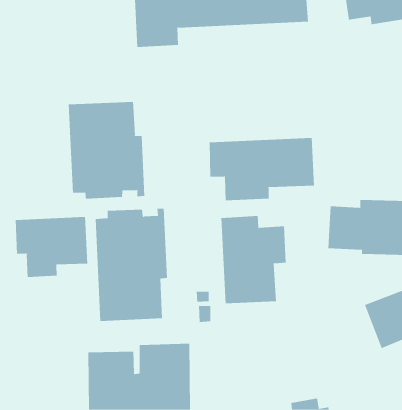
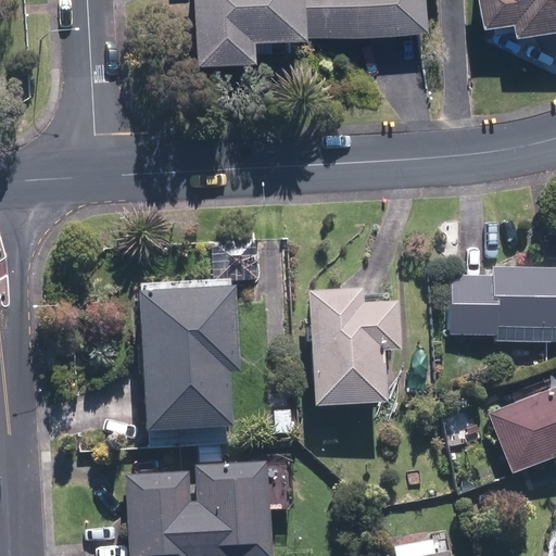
building: [68,101,145,199] -> none
building: [209,137,314,201] -> none
building: [15,216,88,278] -> none

